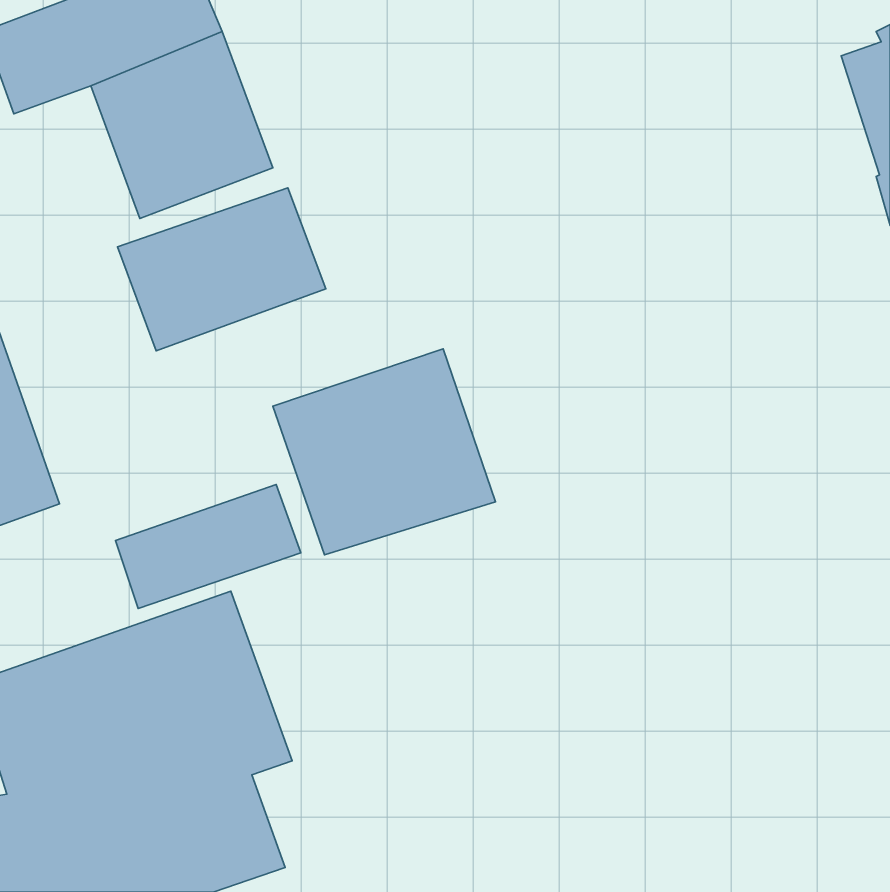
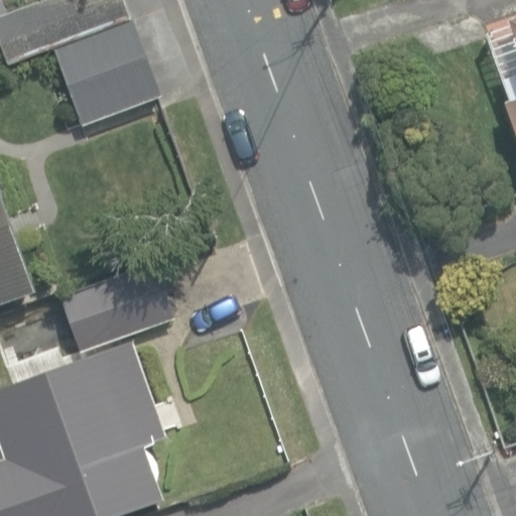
building: [118,188,326,351] -> none
building: [273,349,496,555] -> none

